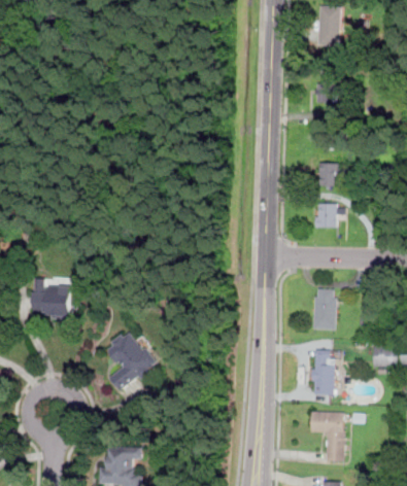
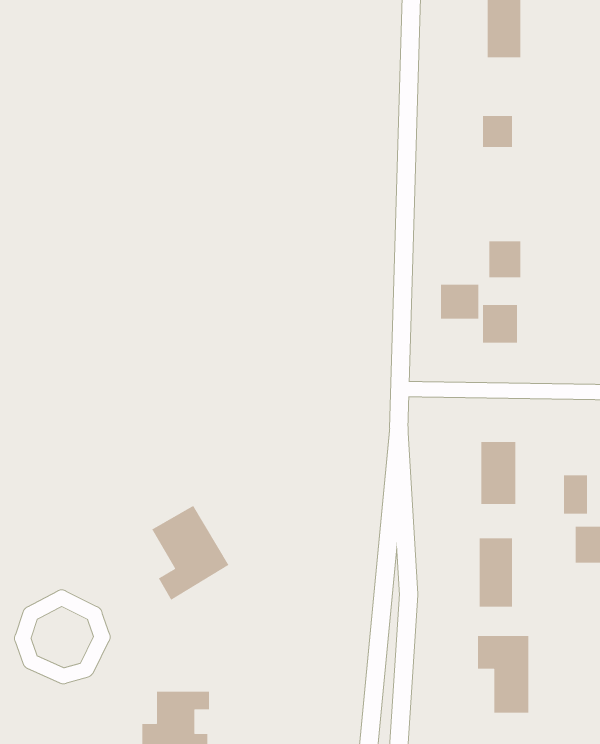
building: none -> [440,284,479,319]
building: [32,283,74,318] -> none
building: none -> [563,475,588,514]

